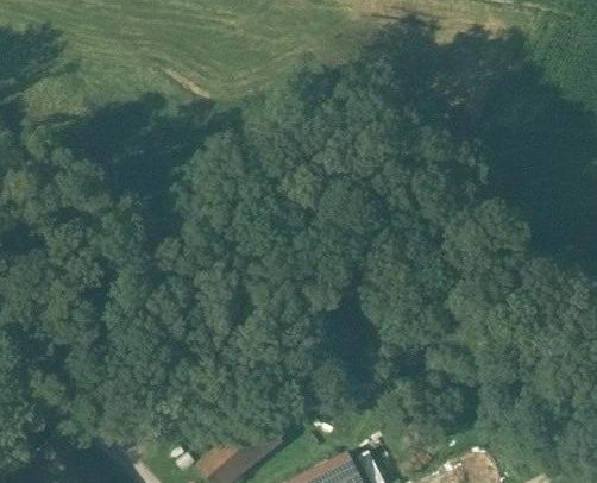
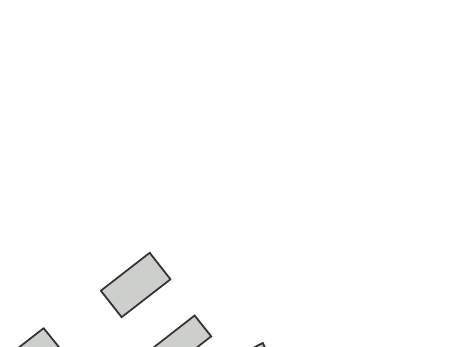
building: none -> [101,253,170,317]

